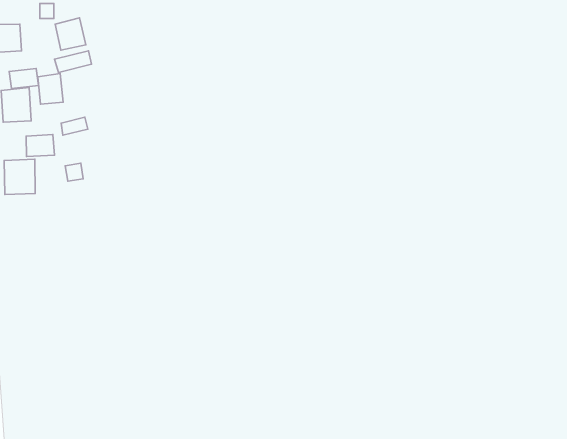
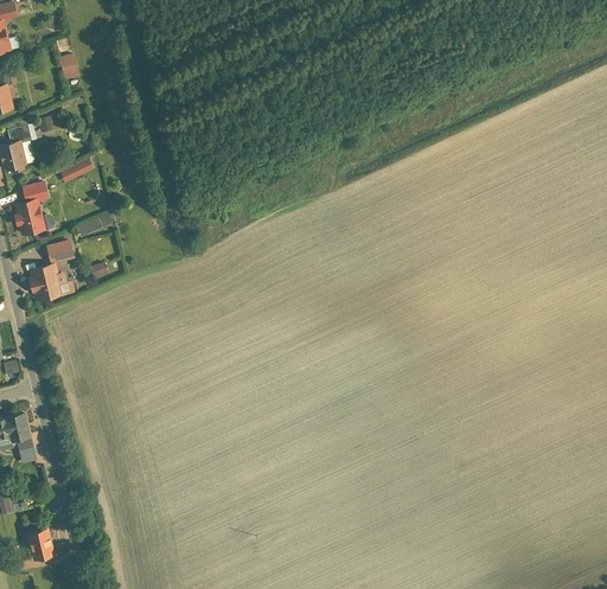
building: [55,18,86,50] -> none
building: [38,74,63,104] -> none

